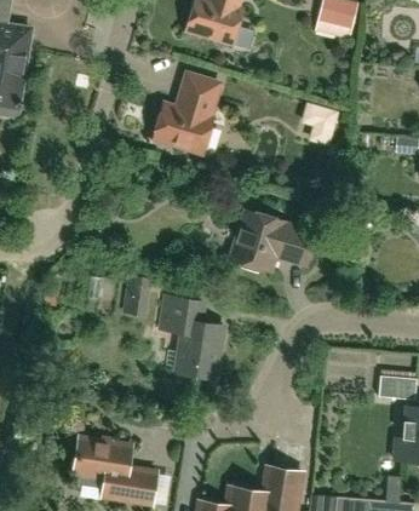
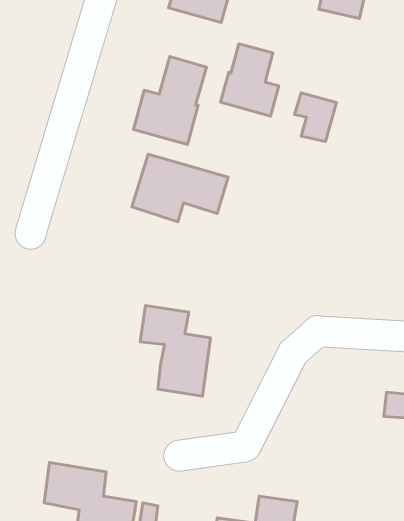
building: none -> [220,44,279,116]
building: [230,212,316,272] -> [132,154,228,222]
building: [124,274,148,315] -> none

